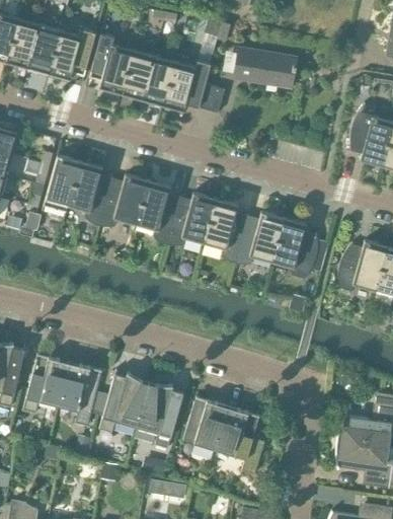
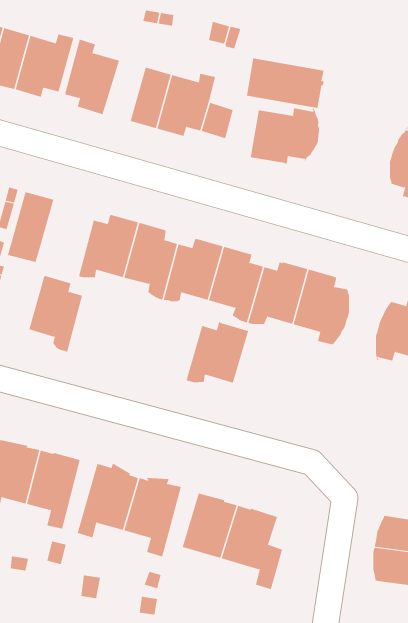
building: [120,51,153,99] -> none
building: none -> [250,107,320,165]
building: [68,162,111,224] -> [29,275,83,352]
building: none -> [186,321,249,383]

